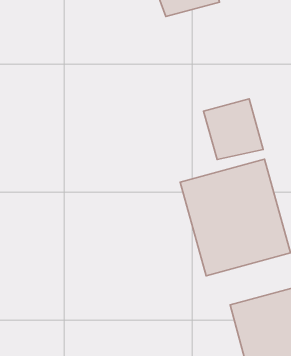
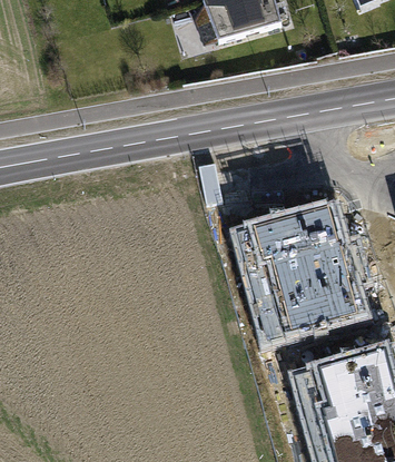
building: [203,99,263,160] -> none

